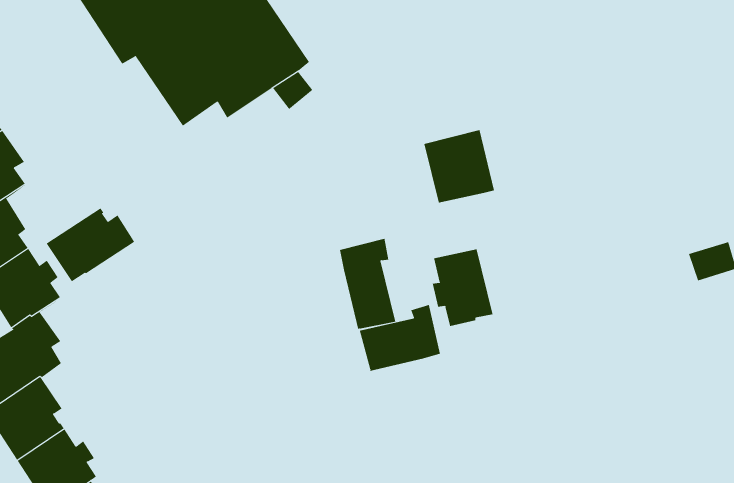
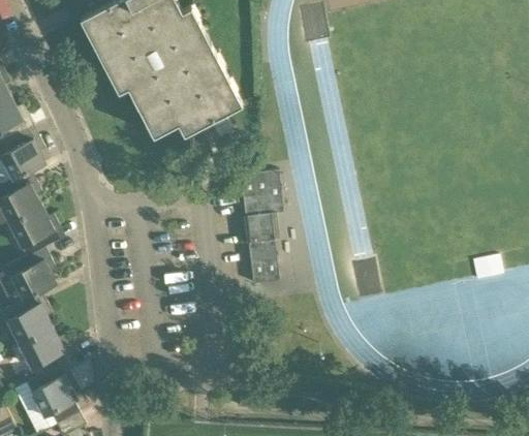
building: [424,129,495,203] -> [239,175,282,220]
building: [46,208,135,282] -> none
building: [432,248,493,327] -> none
building: [359,304,440,372] -> none

